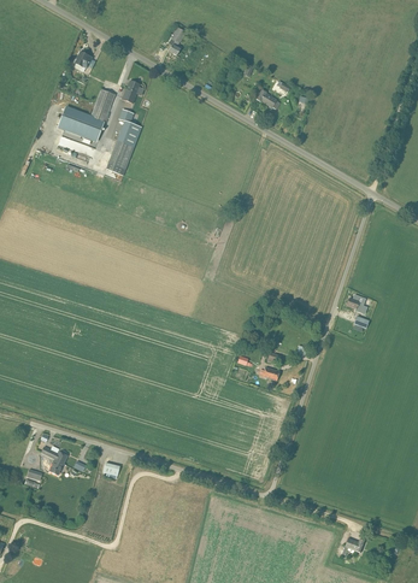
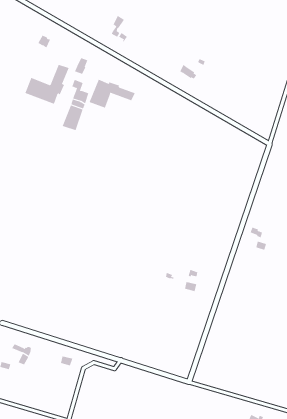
building: none -> [89,79,136,108]

